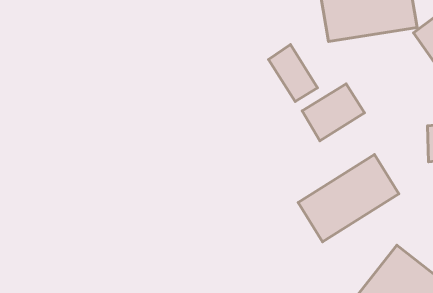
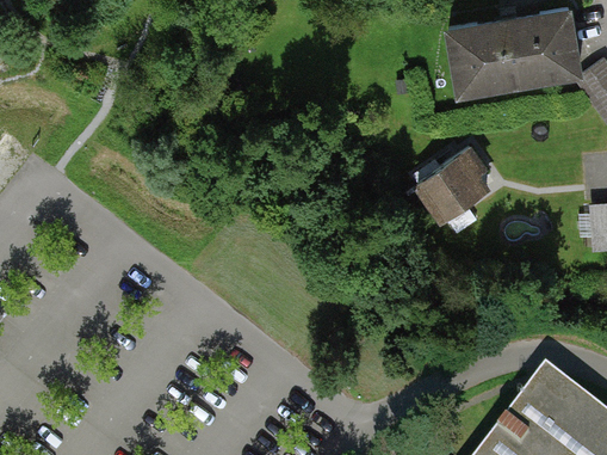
building: [268,44,318,102] -> none
building: [298,154,399,242] -> none

